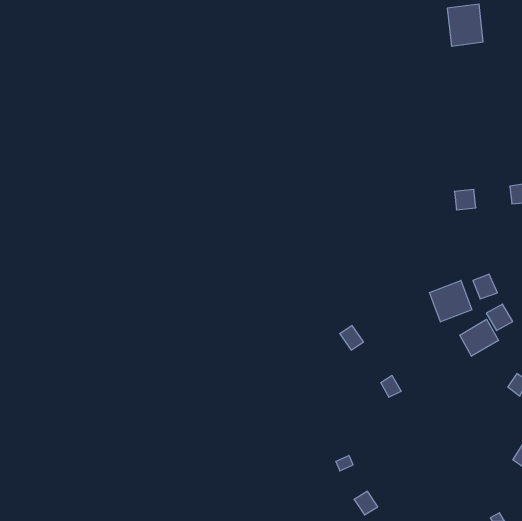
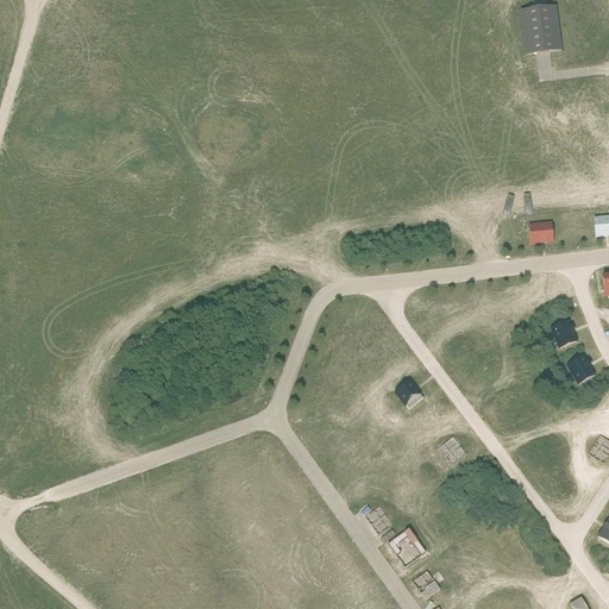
building: [430,280,472,322] -> none
building: [460,319,498,356] -> none

